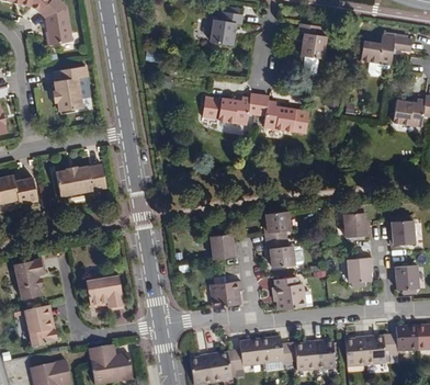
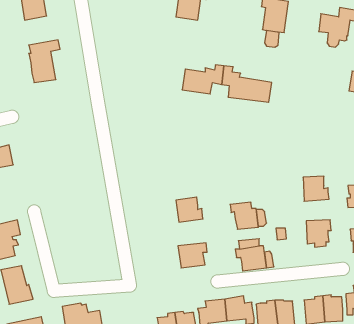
building: [56,165,106,196] -> none
building: [264,210,291,240] -> none
building: [86,273,125,308] -> none

